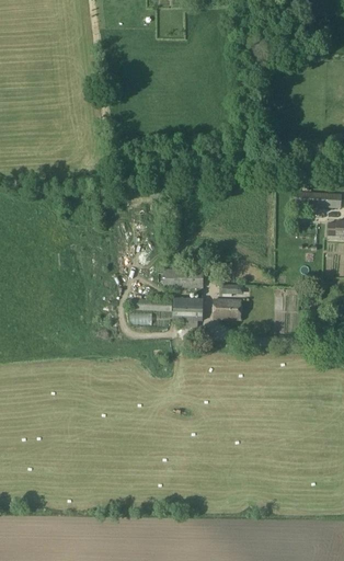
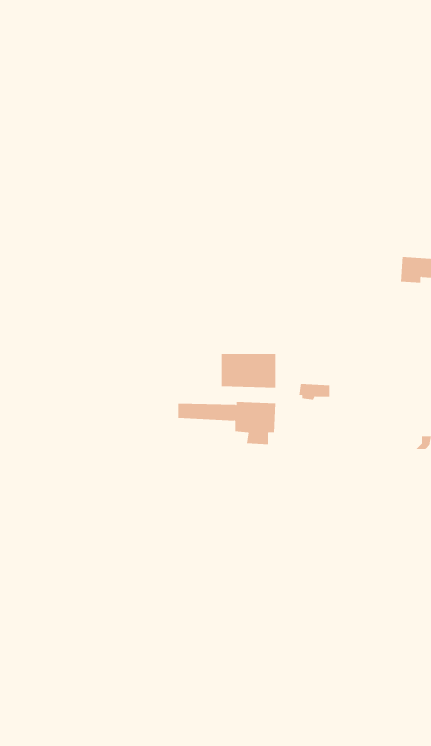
building: [215,299,242,320] -> none

